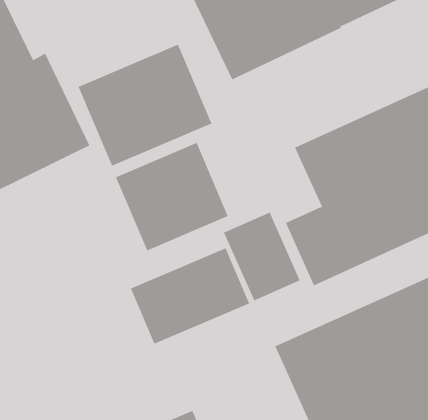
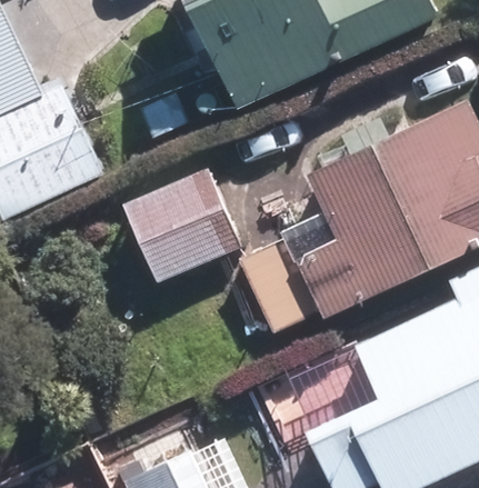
building: [78,44,212,166] -> none
building: [130,247,250,344] -> none

